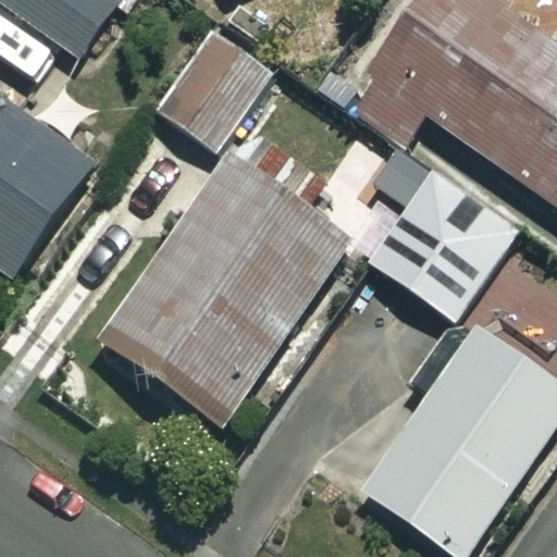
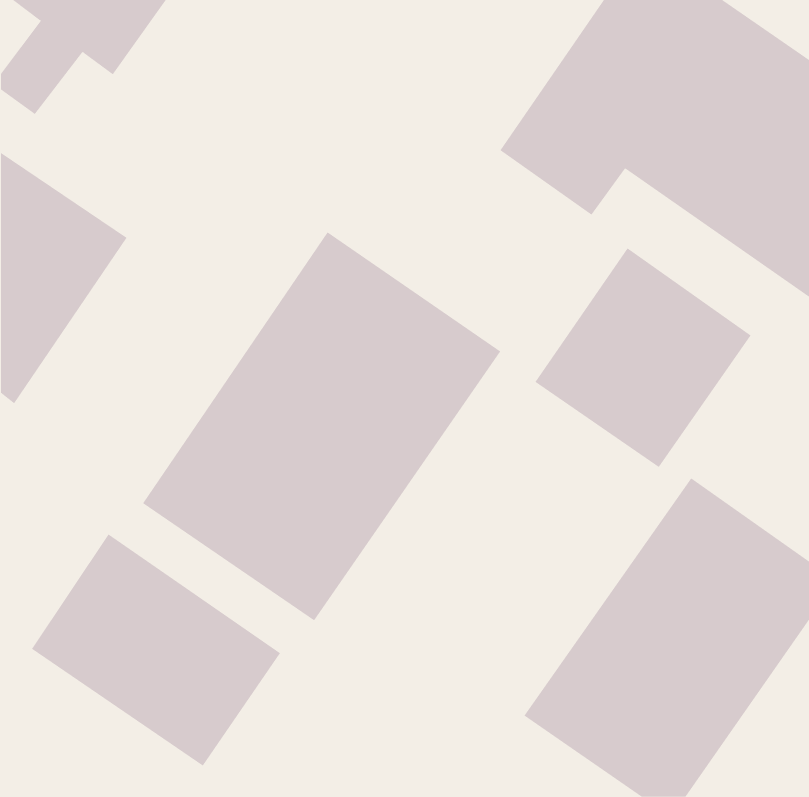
building: [158,37,264,151] -> none
building: none -> [31,534,281,766]

